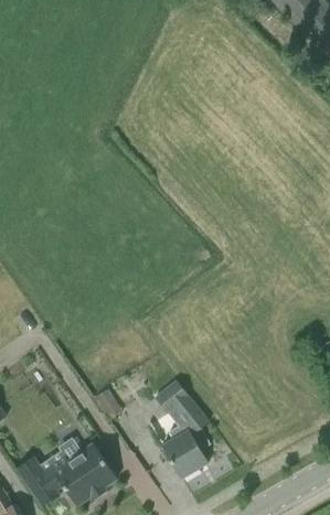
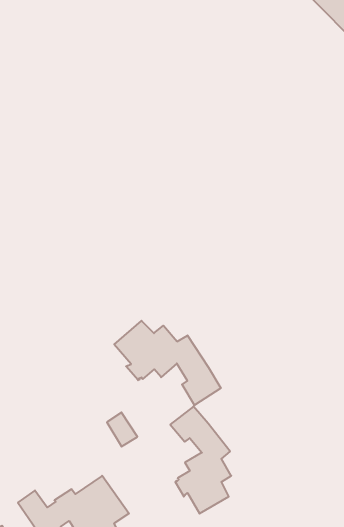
building: none -> [114,321,221,405]

